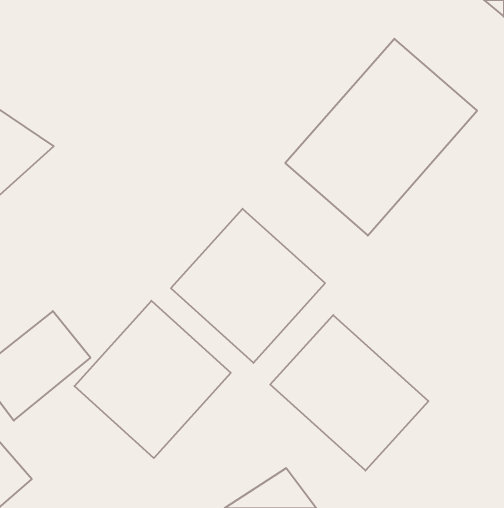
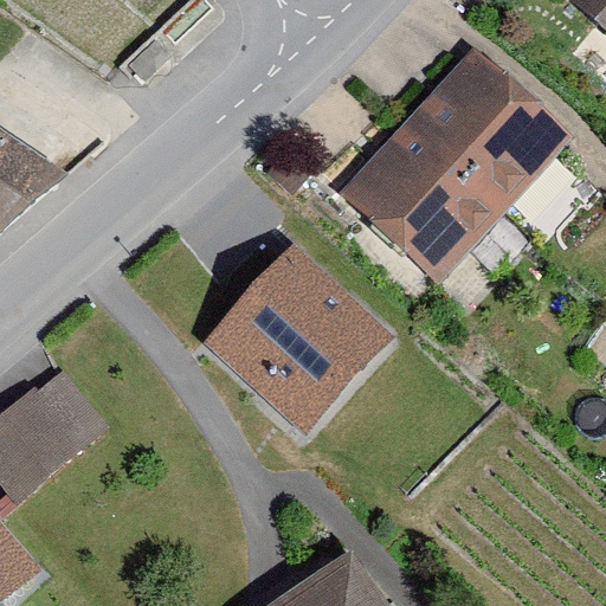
building: [74,301,231,458] -> none
building: [270,315,428,471] -> none

